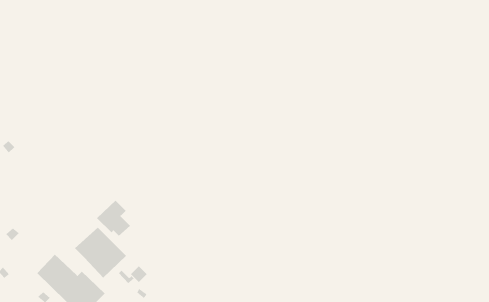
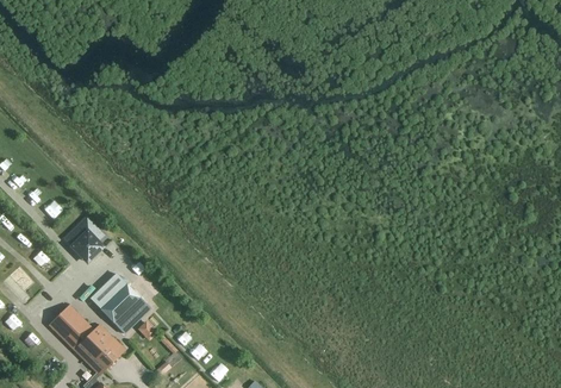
building: [96,200,131,237] -> [64,217,102,257]

